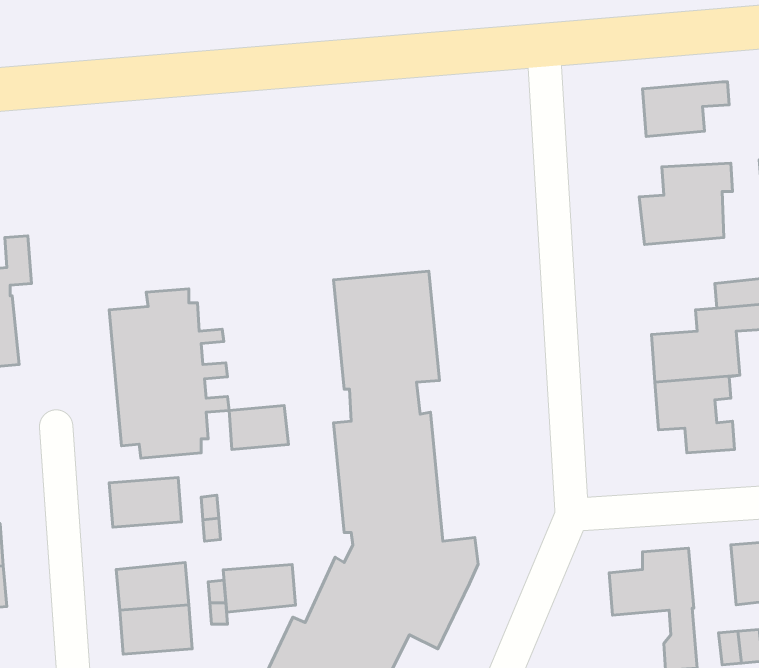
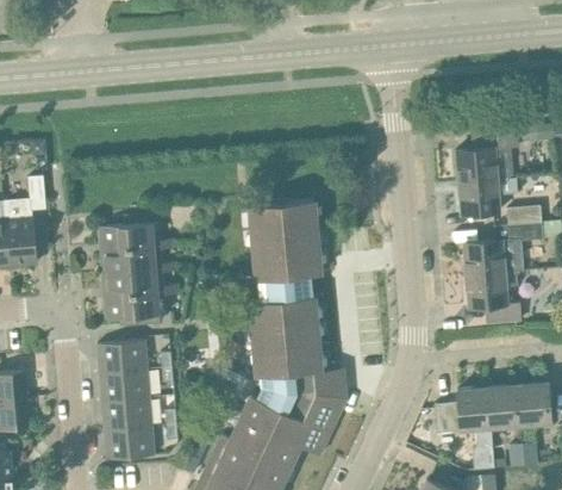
building: [643,82,729,137] -> [458,178,517,215]
building: [229,406,288,450] -> none
building: none -> [488,385,520,428]
building: [223,564,296,612] -> [100,370,149,402]

